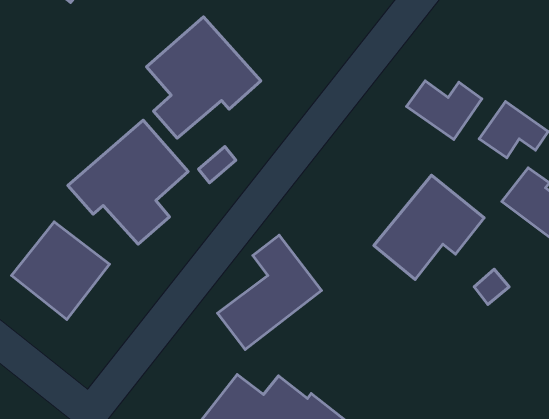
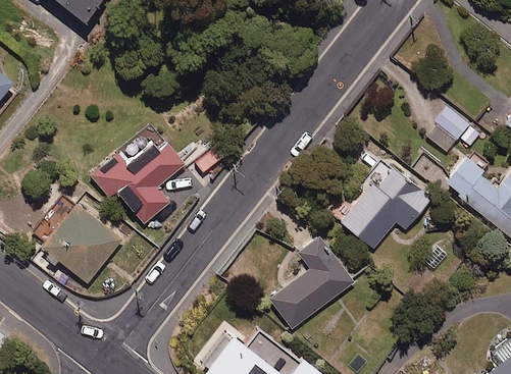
building: [146,17,261,138] -> none
building: [407,81,482,139] -> none
building: [218,235,322,349] -> [271,235,356,328]

